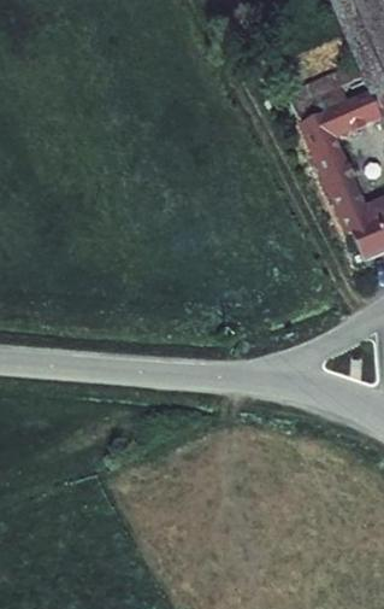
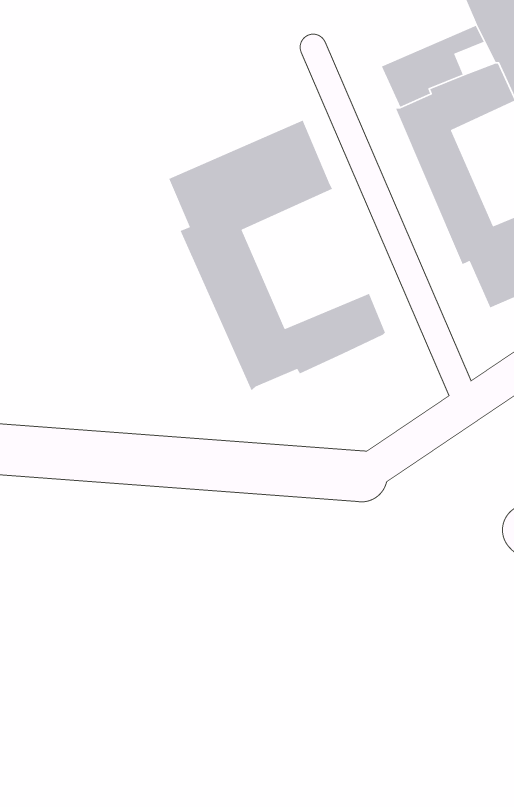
building: none -> [168,120,386,392]

